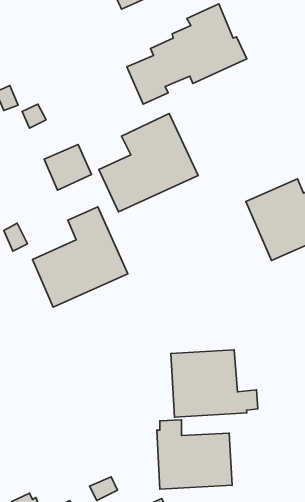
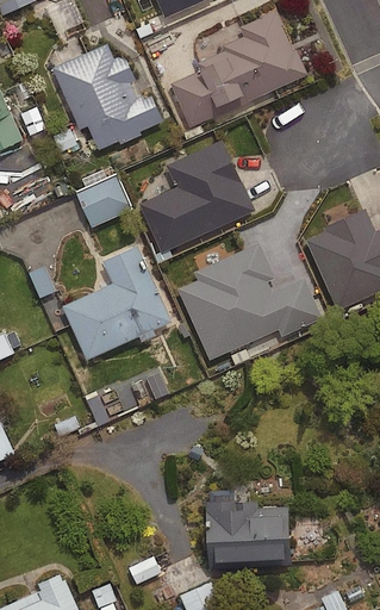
building: none -> [54,45,163,150]
building: none -> [176,242,319,360]
building: [171,350,258,417] -> none

